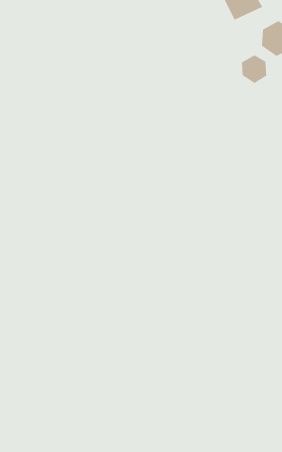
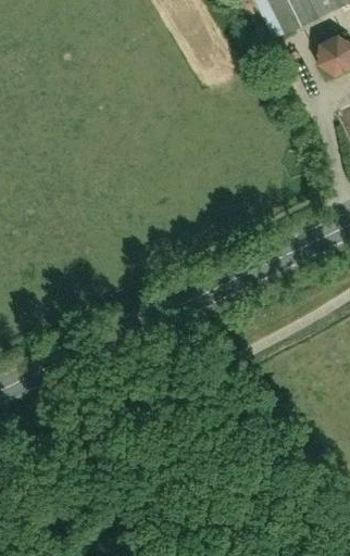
building: [241,55,267,84] -> none

